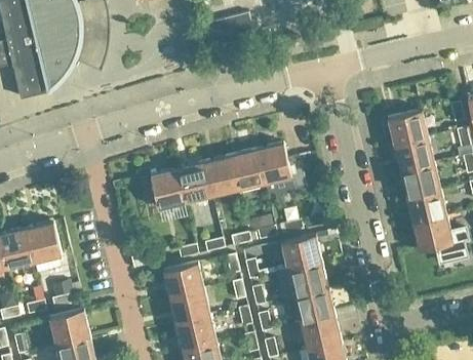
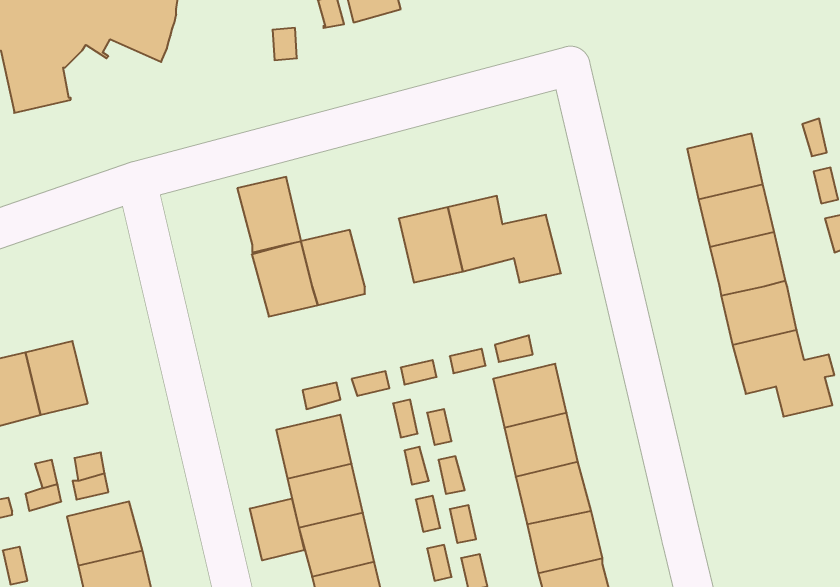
building: [203,155,238,196] -> [237,177,301,252]
building: none -> [250,498,304,560]

